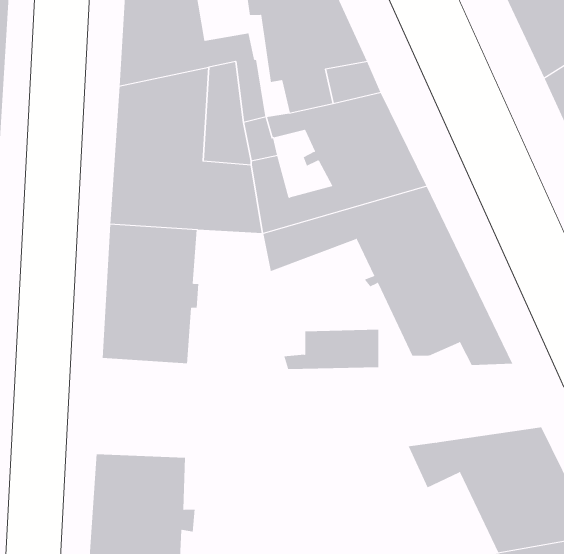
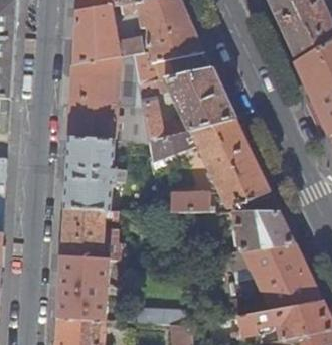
building: none -> [61,208,120,262]
building: none -> [226,211,296,252]

